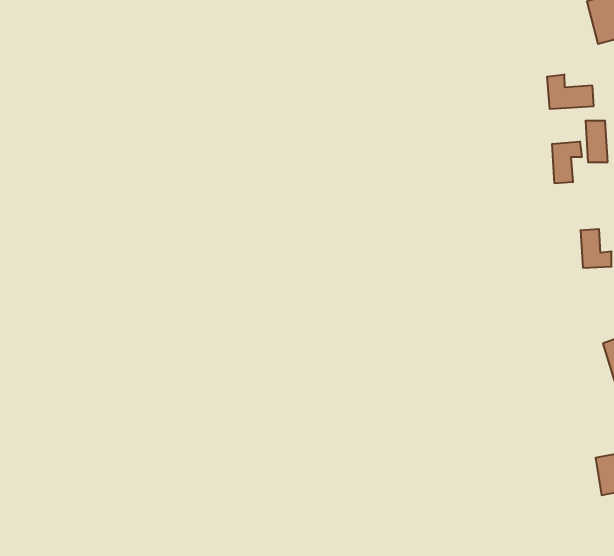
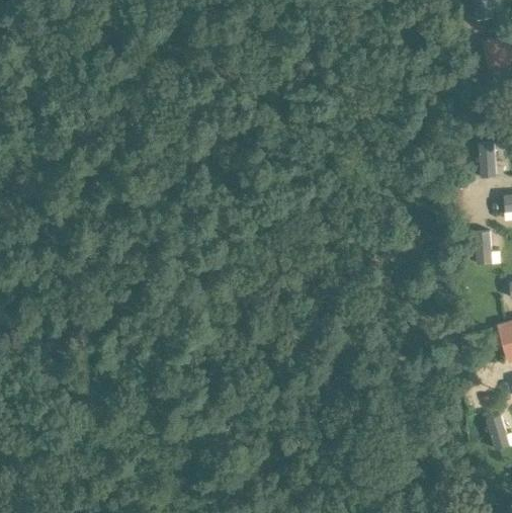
building: [547,74,593,109] -> none
building: [552,141,582,183] -> none

